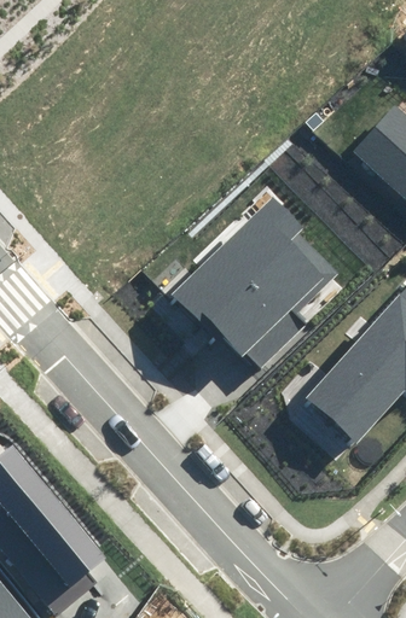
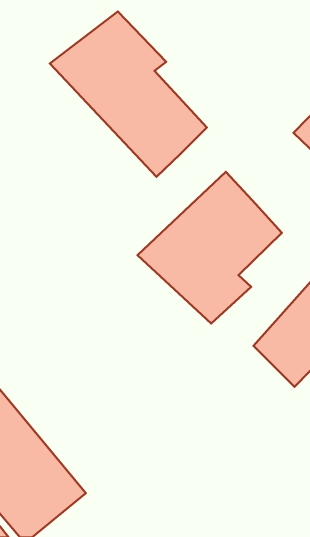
building: none -> [50,12,207,177]

